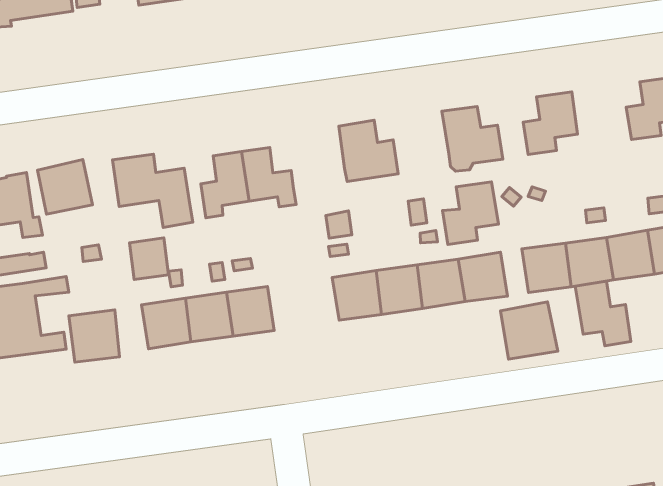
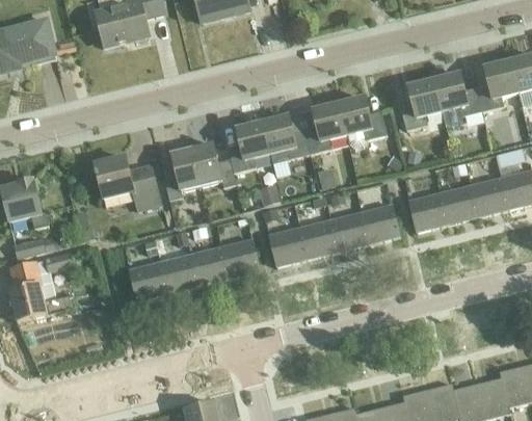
building: none -> [433,73,481,123]
building: none -> [227,122,269,172]
building: [37,159,93,214] -> none
building: [443,182,498,244] -> [303,103,346,153]
building: [129,238,169,280] -> none
building: none -> [220,238,260,279]
building: [575,281,631,346] -> none
building: [501,302,558,359] -> none
building: [69,310,119,362] -> none

